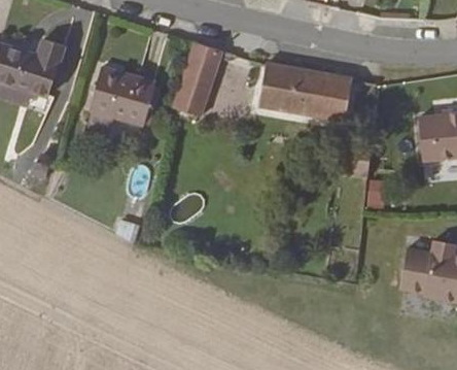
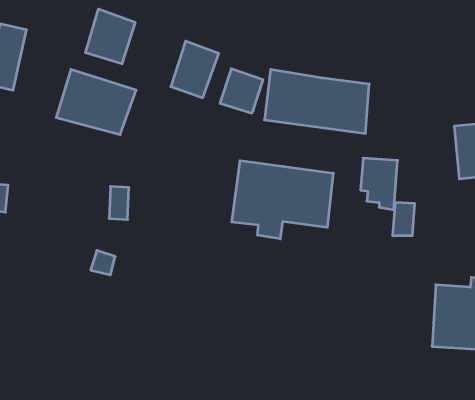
building: none -> [85,9,135,64]
building: [173,81,209,119] -> [220,69,263,113]
building: none -> [232,161,333,239]

